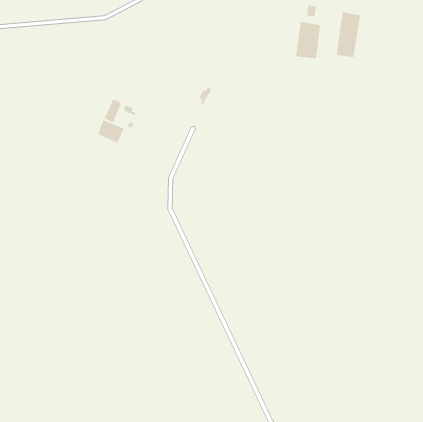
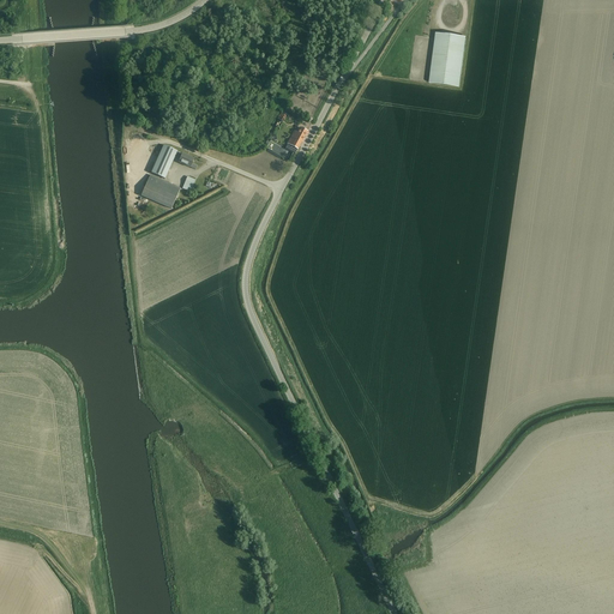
building: [336,11,361,58] -> none

